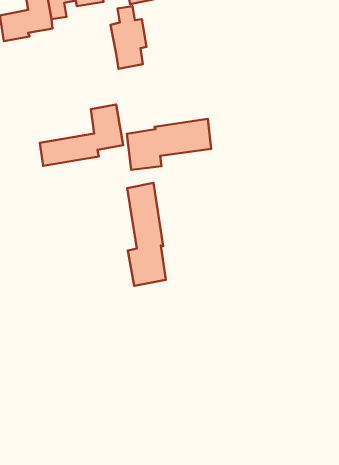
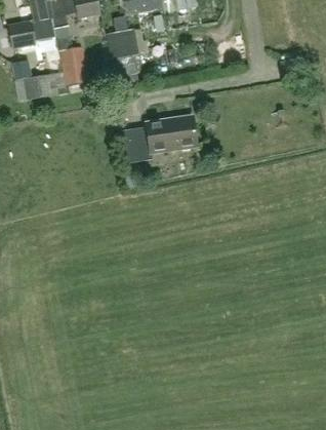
building: [40,105,123,166] -> [13,46,87,101]
building: [127,183,166,286] -> none

